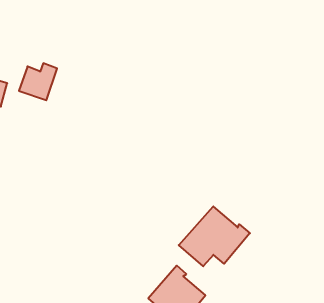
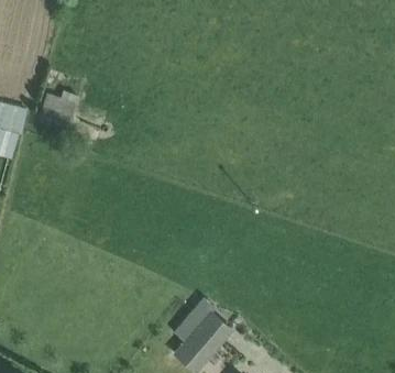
building: [179,206,250,266] -> none

